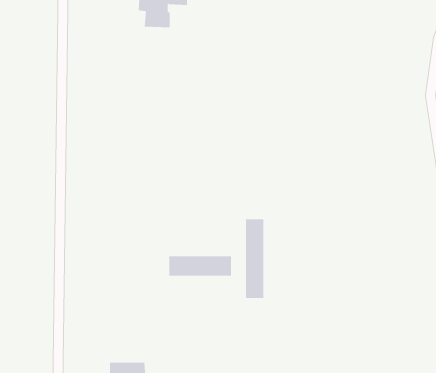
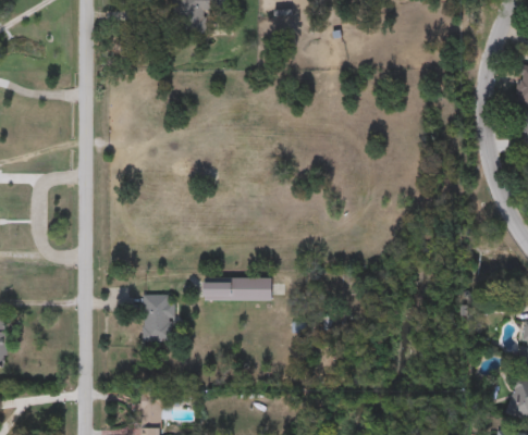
building: [245,219,264,299] -> none
building: none -> [142,294,174,340]

